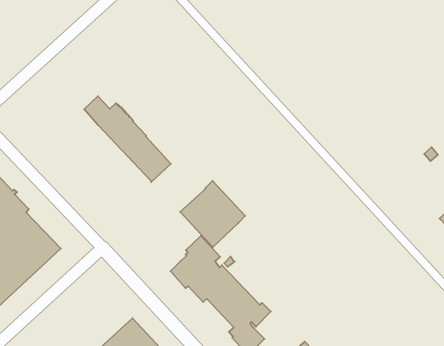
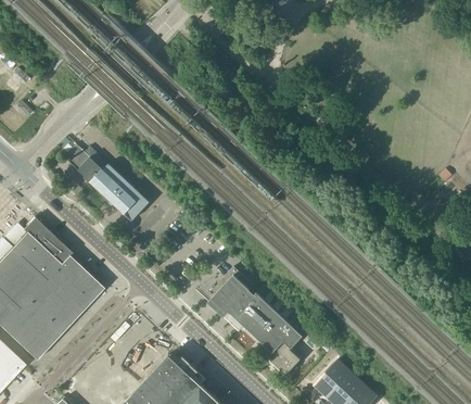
building: [84,96,171,182] -> [64,144,149,222]
building: [180,181,245,247] -> none

